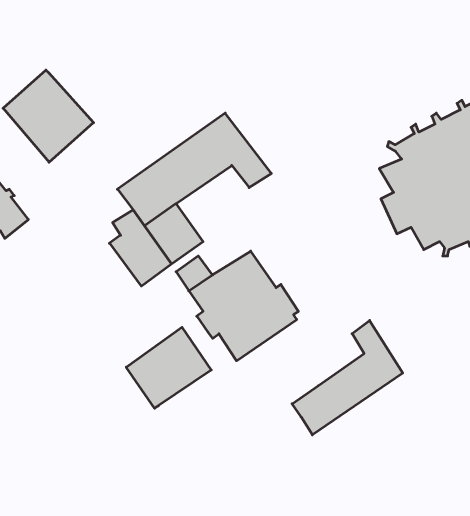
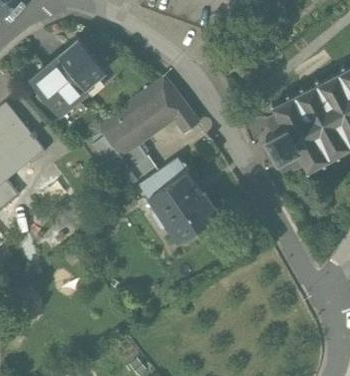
building: none -> [58,40,103,96]
building: [292,320,403,435] -> none
building: [126,327,211,408] -> none

